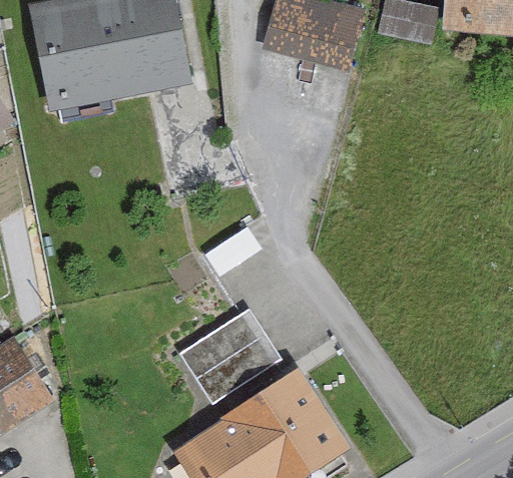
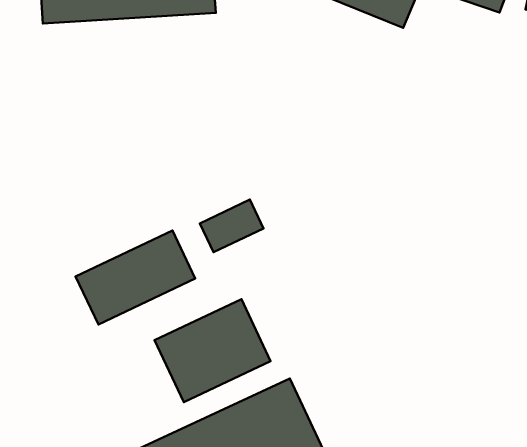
building: none -> [75,230,195,325]

